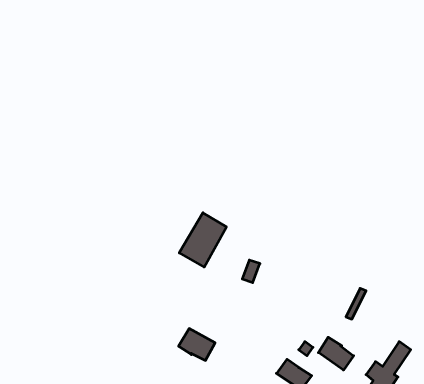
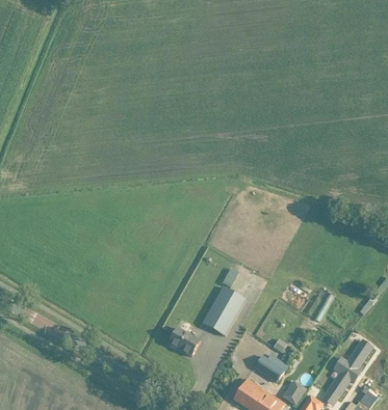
building: [179,213,226,267] -> [203,286,244,334]
building: [318,337,354,370] -> none

